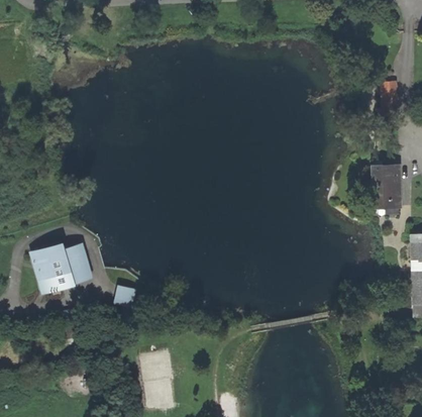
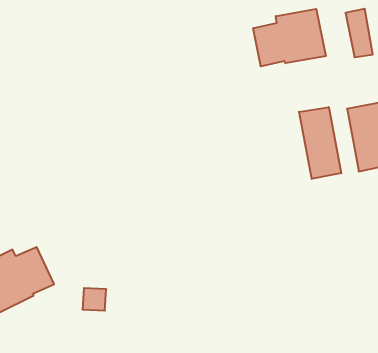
building: none -> [253,9,326,66]
building: none -> [299,107,341,179]

